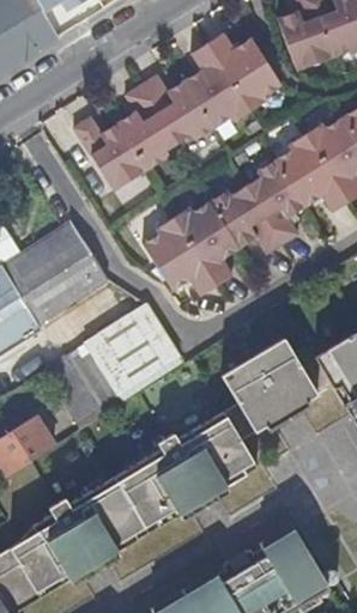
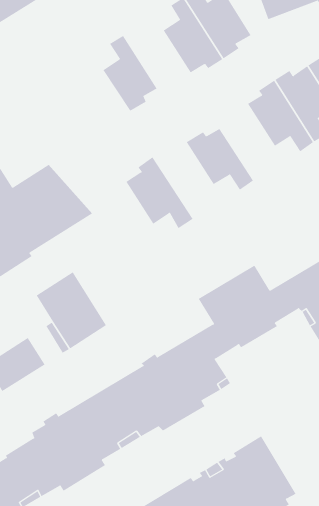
building: [140,74,213,144] -> none
building: [73,116,147,190] -> none
building: [246,160,305,244] -> none
building: [173,202,238,286] -> none
building: [85,304,183,402] -> none

